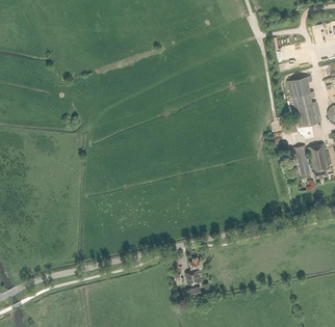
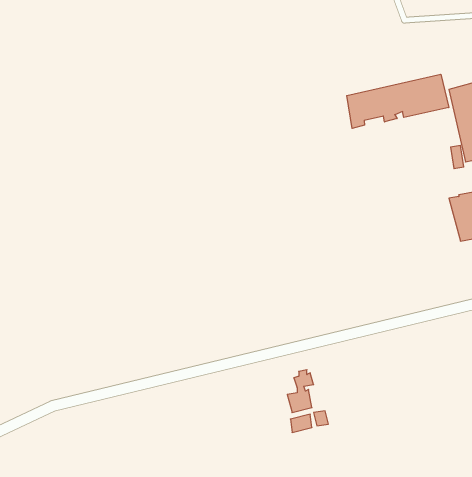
building: none -> [347,74,449,128]

